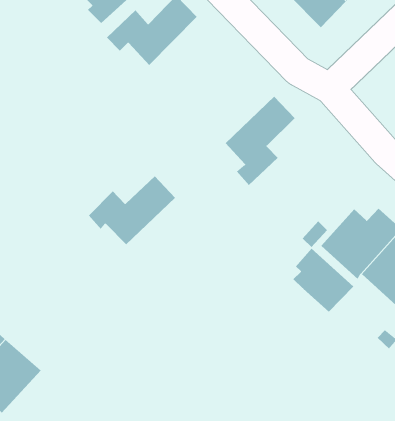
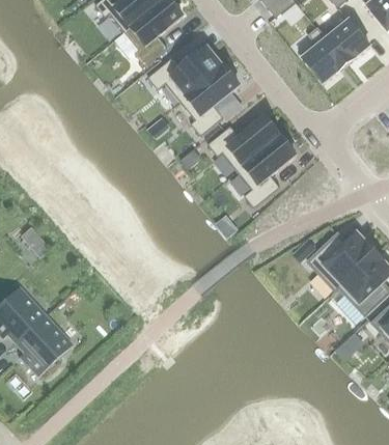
building: none -> [182,64,241,134]
building: [88,175,176,245] -> [209,114,281,169]
building: [293,248,354,312] -> none

